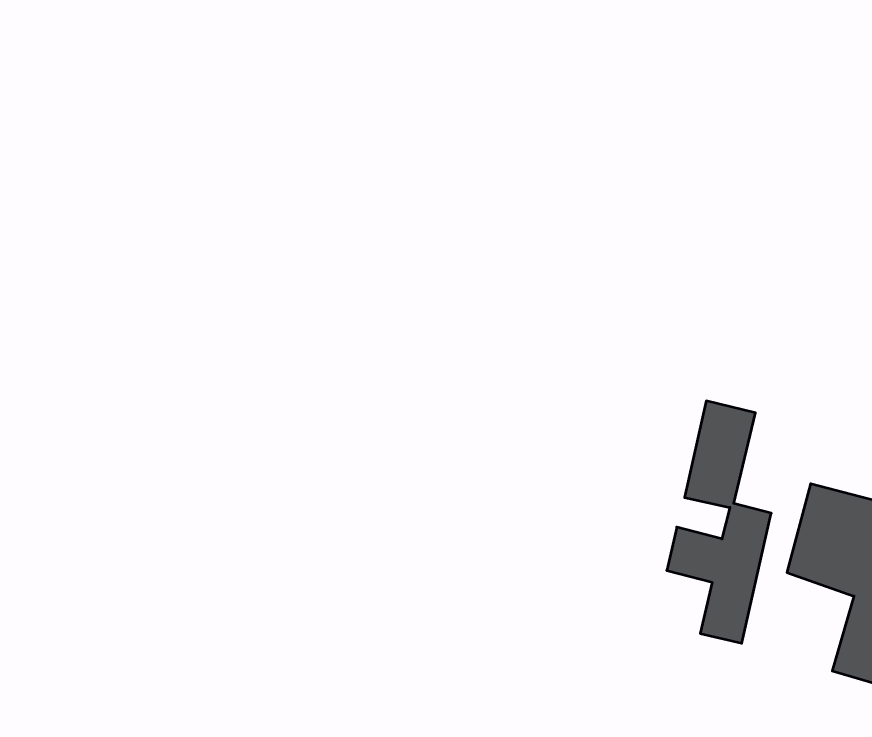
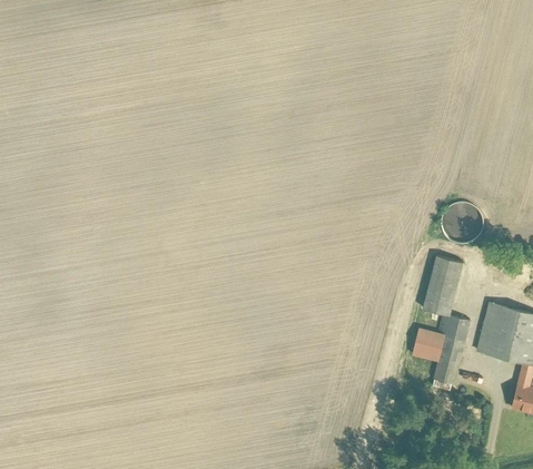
building: none -> [442,201,484,243]

